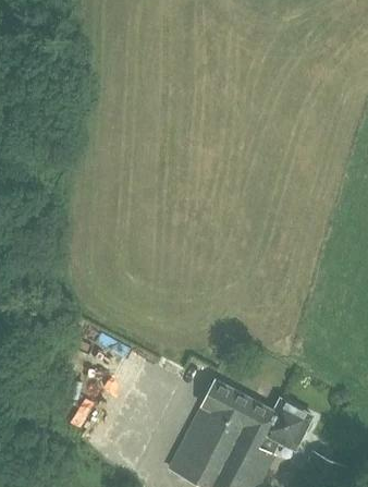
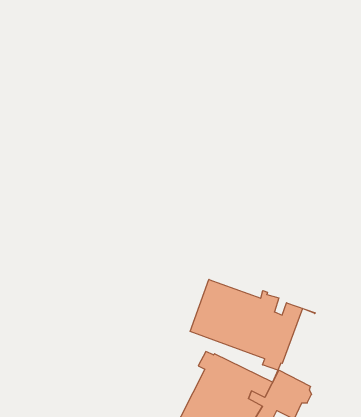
building: none -> [190,279,315,370]

